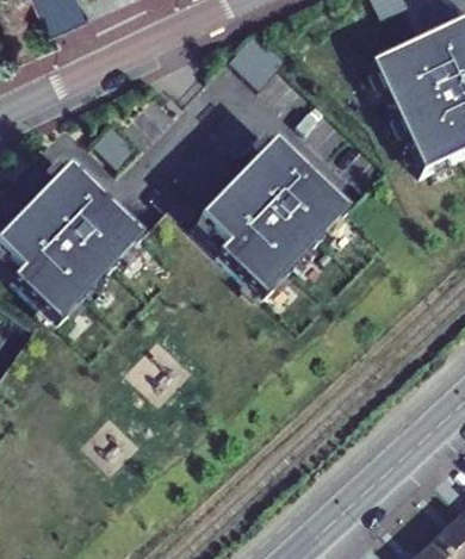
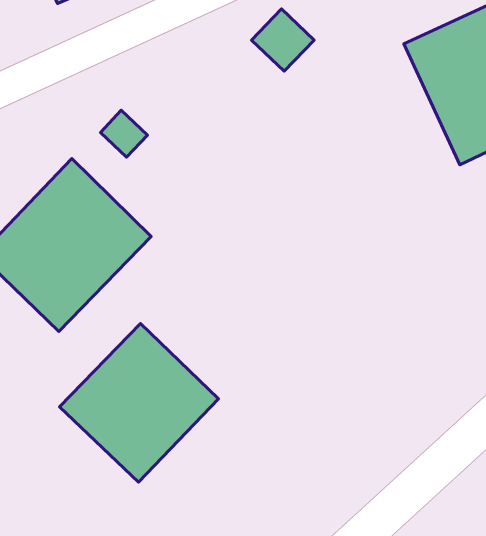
building: [202,137,351,294] -> none
building: none -> [59,324,219,482]

